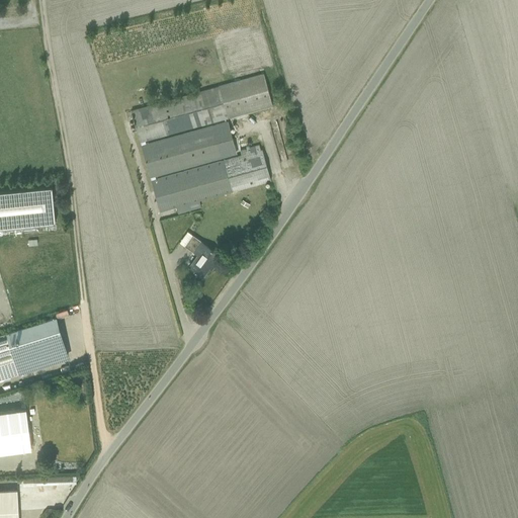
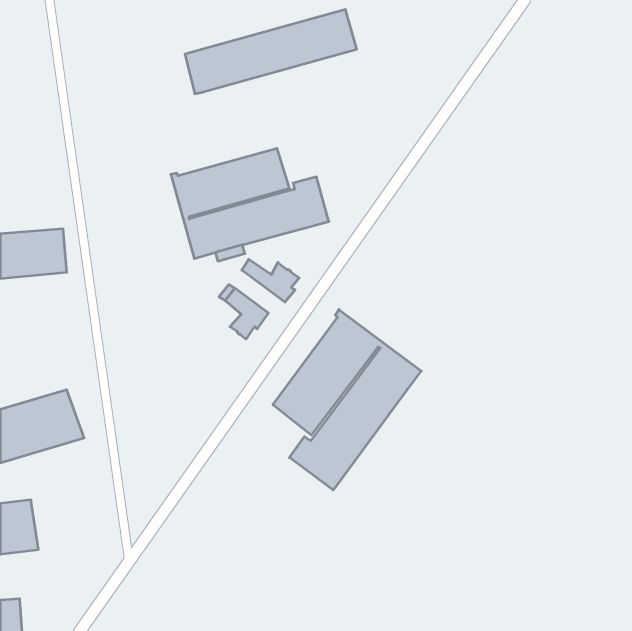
building: [132,75,272,144] -> [185,10,357,94]
building: none -> [242,259,299,302]
building: none -> [273,309,421,490]

